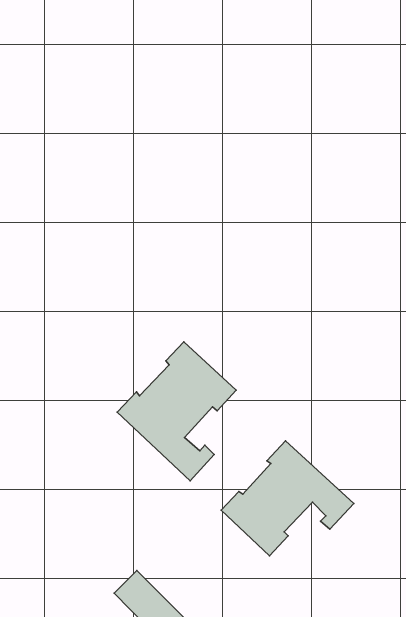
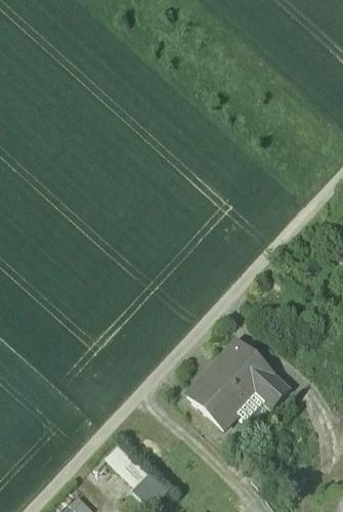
building: [117,342,236,481] -> none

